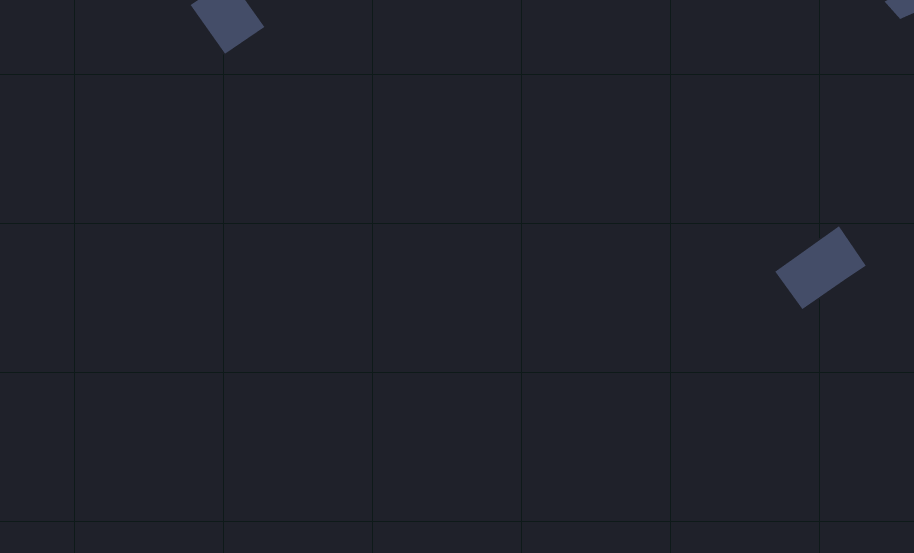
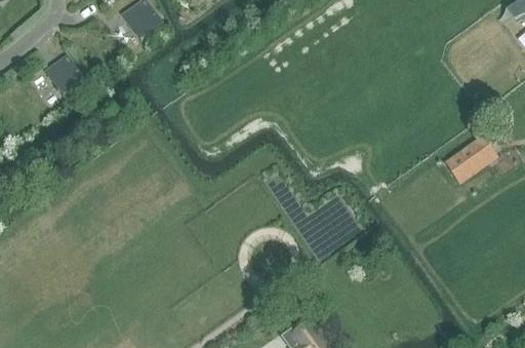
building: none -> [42,53,85,99]

